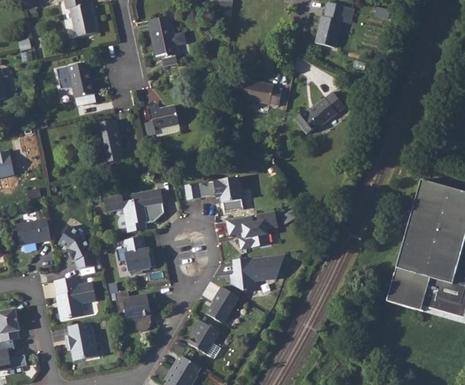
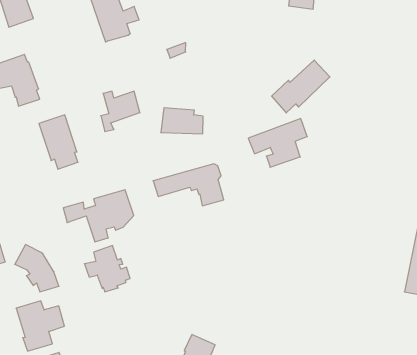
building: [243,78,281,104] -> [161,108,203,134]
building: [227,205,278,244] -> [248,119,307,167]
building: [234,251,286,288] -> none
building: [209,284,241,321] -> none
building: [125,293,153,321] -> none

